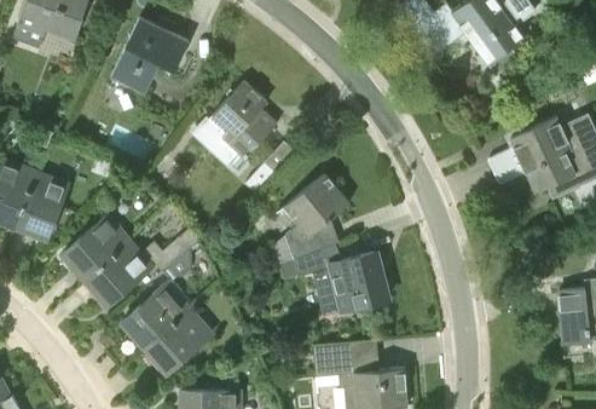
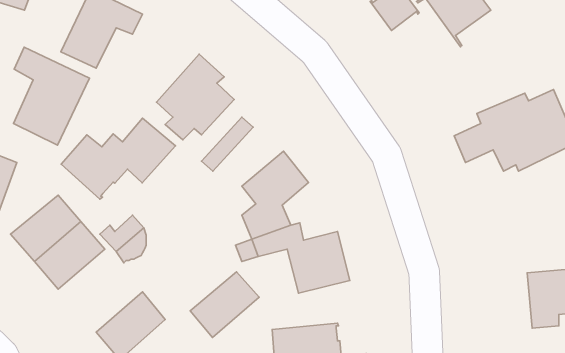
building: none -> [13,47,90,145]
building: none -> [61,118,175,199]
building: [122,286,189,348] -> [190,272,259,337]

